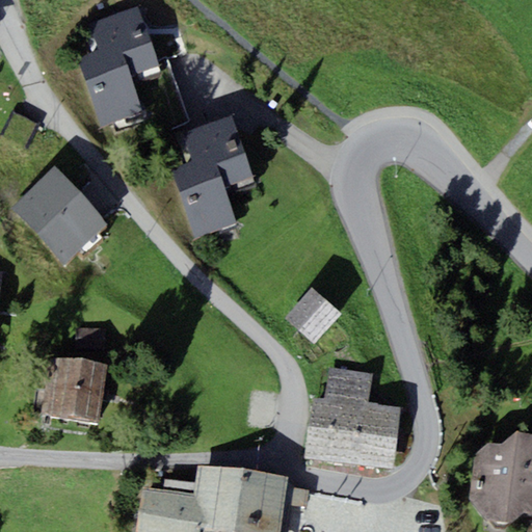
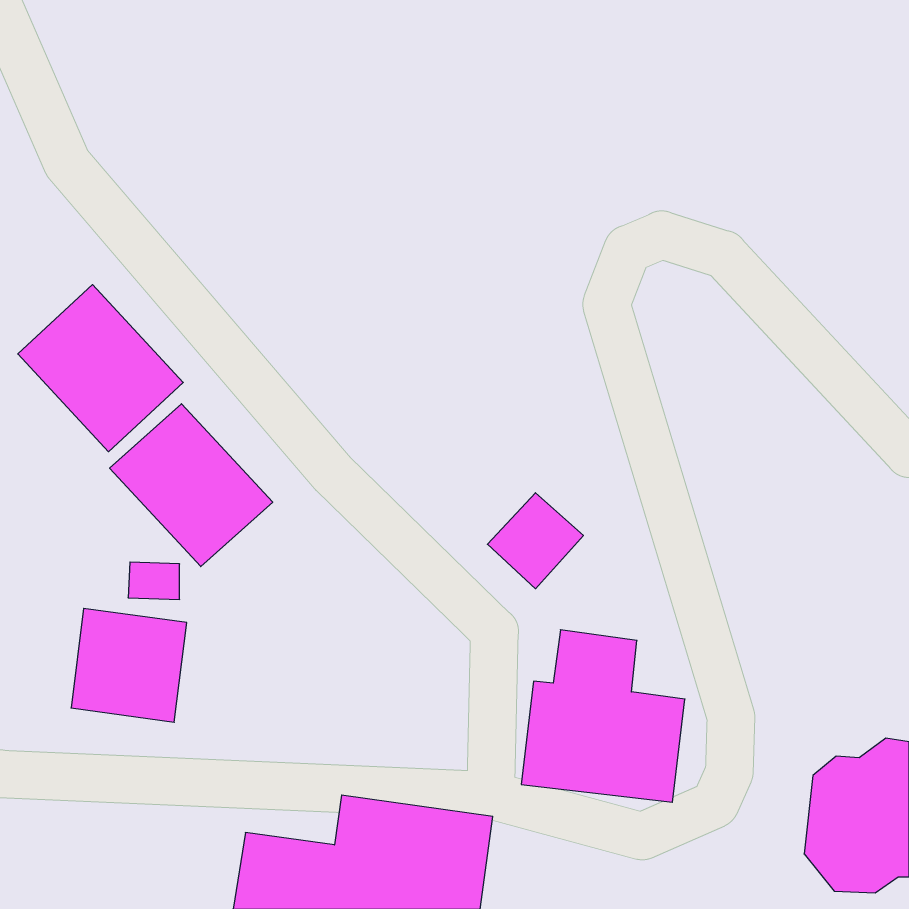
building: [77,6,158,127] -> none
building: [171,114,252,238] -> none
building: none -> [110,404,273,567]

